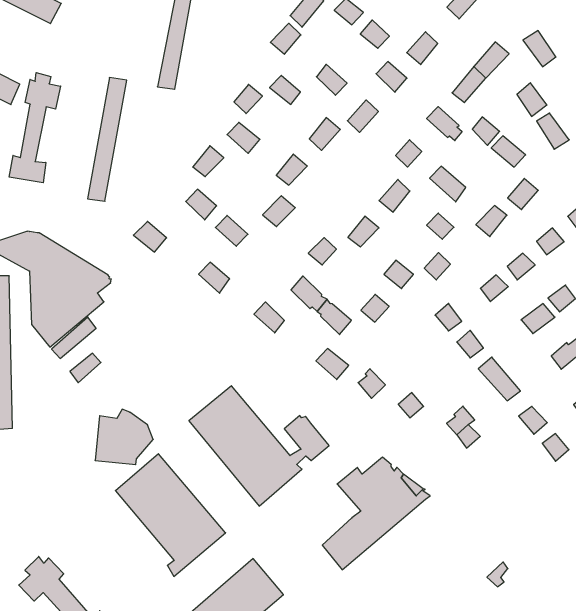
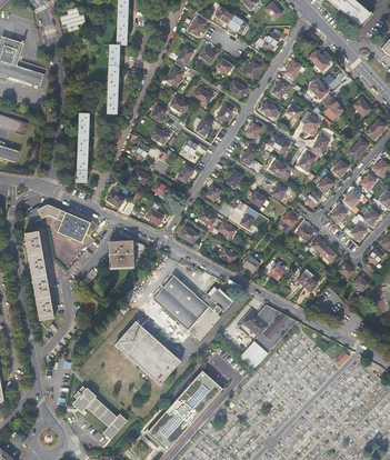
building: [9,73,61,183] -> none
building: [95,409,153,465] -> [110,234,142,266]

